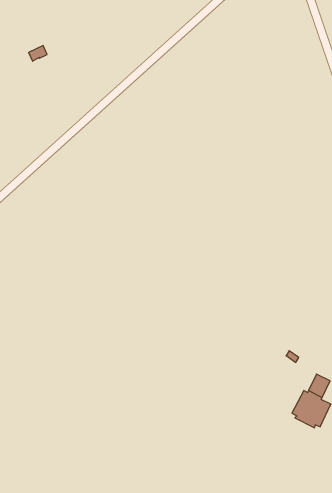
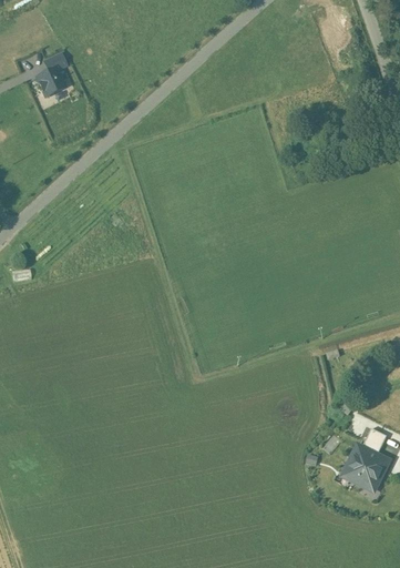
building: none -> [37,68,65,97]

